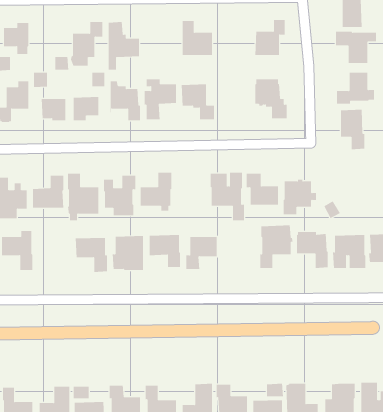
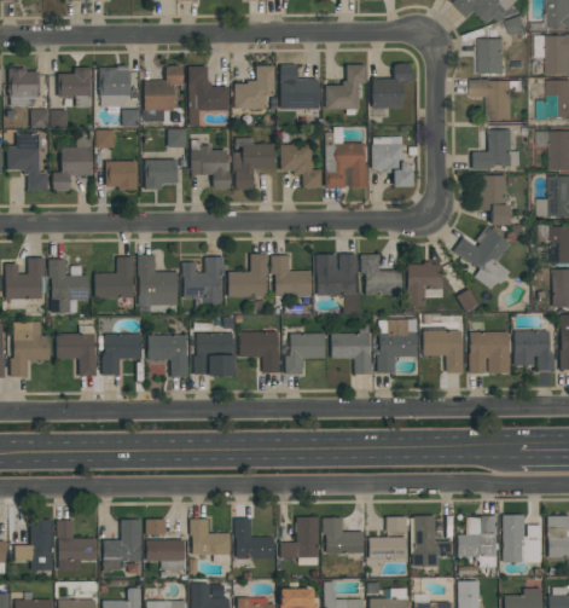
building: none -> [325,64,366,110]
building: none -> [99,65,130,114]
building: none -> [234,65,274,109]
building: none -> [325,132,367,189]
building: none -> [453,226,511,290]
building: none -> [271,255,310,306]
building: none -> [331,325,371,374]
building: none -> [101,334,141,375]

